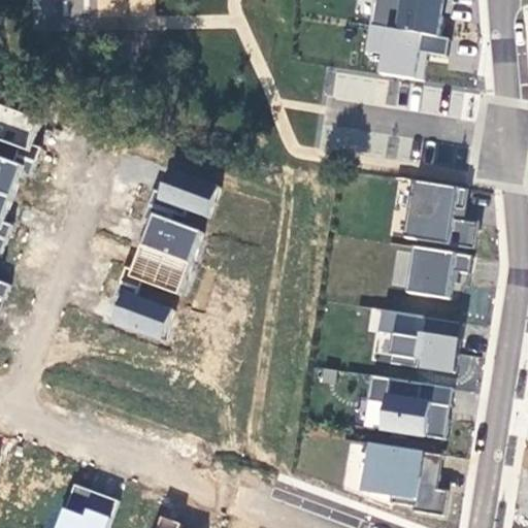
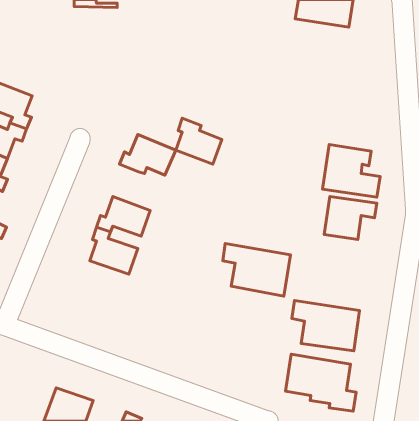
building: [362,24,447,80] -> none
building: [141,205,199,263] -> [176,118,222,164]
building: [376,308,461,374] -> [223,243,290,296]

